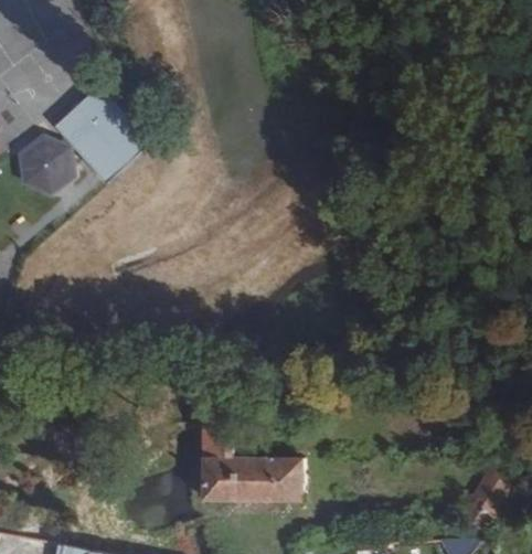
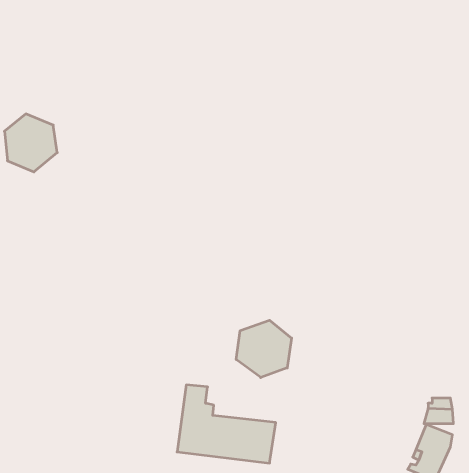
building: [55,81,151,179] -> none
building: none -> [236,320,292,378]

